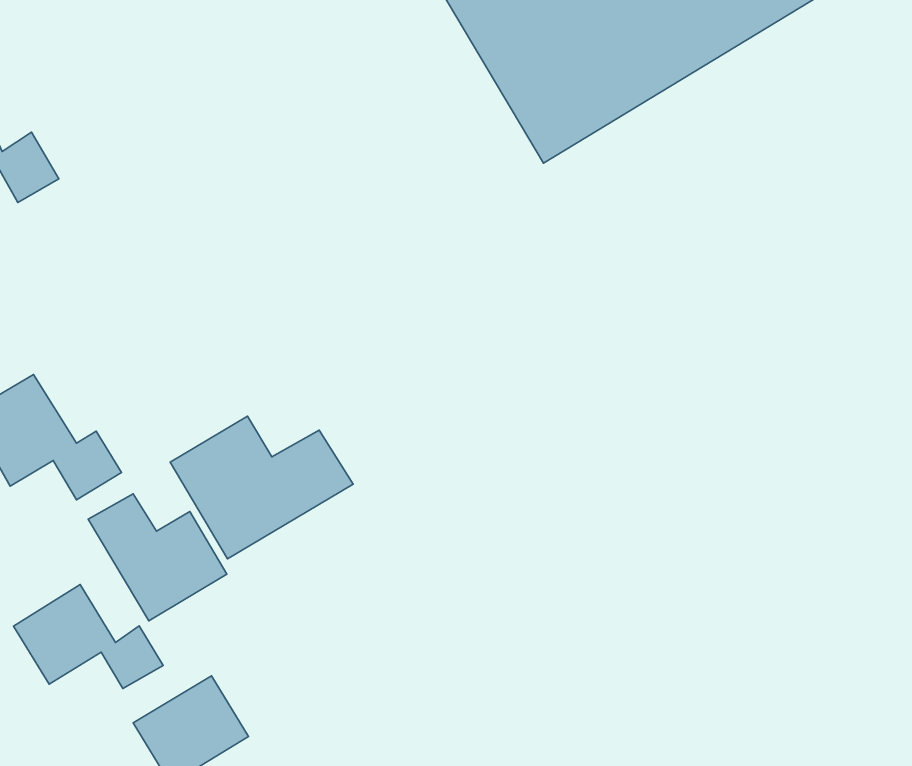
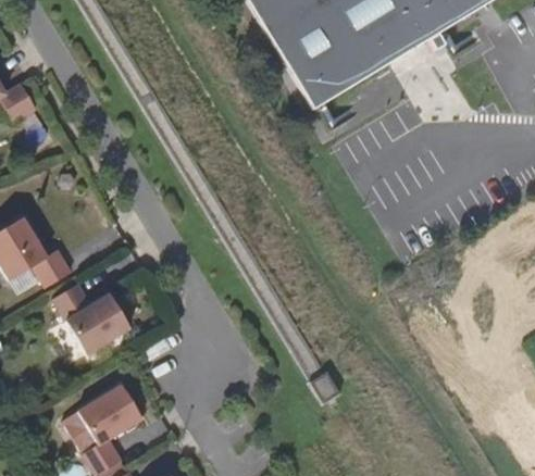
building: [170,416,353,559] -> none
building: [14,584,163,688] -> none

